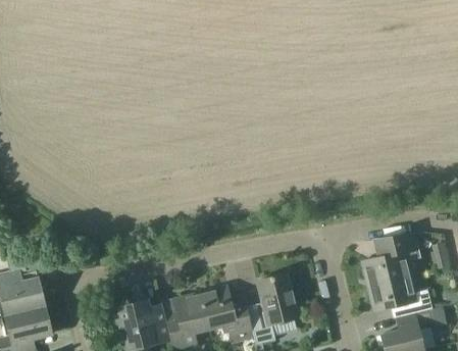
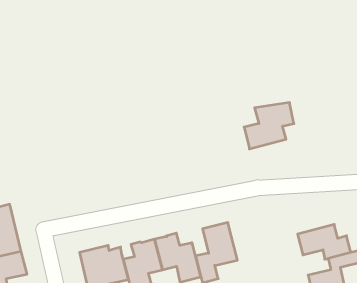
building: [362,234,420,288] -> [244,103,294,149]

